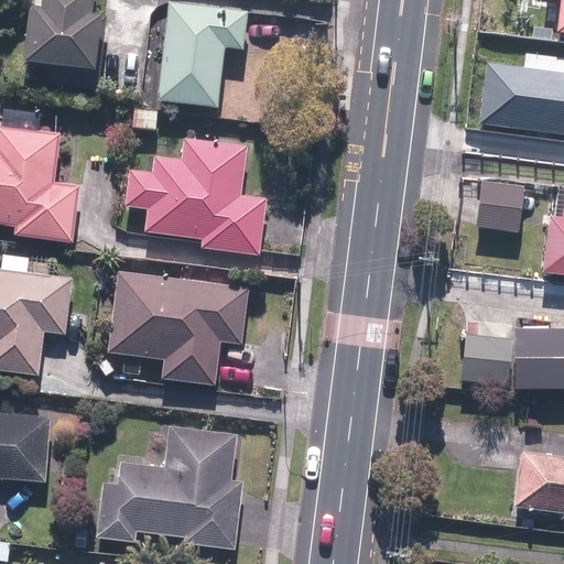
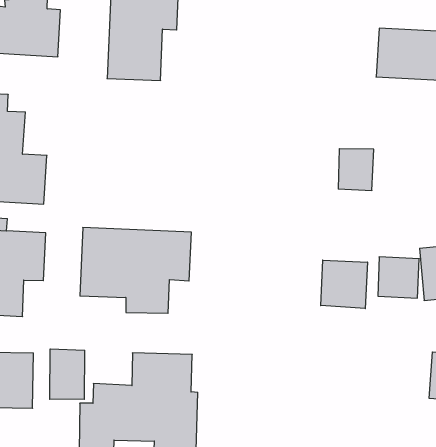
building: [127,139,265,253] -> none
building: [477,178,522,230] -> [338,149,374,190]
building: none -> [321,260,367,309]
building: none -> [50,349,85,399]

